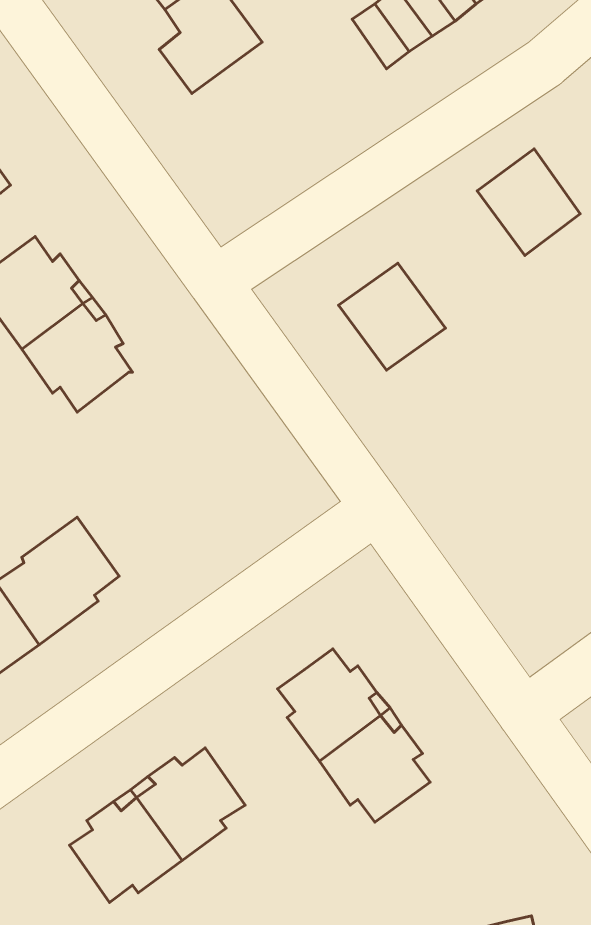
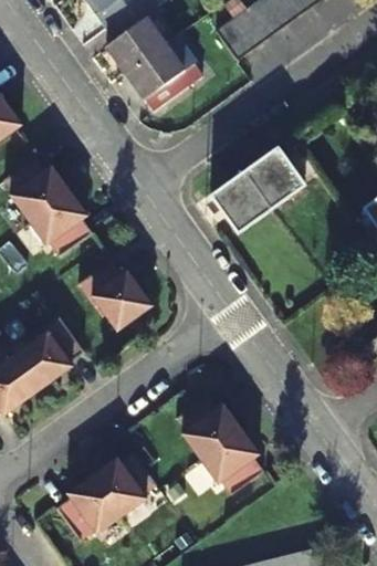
building: none -> [126,32,205,109]
building: [477,149,580,256] -> [245,145,305,207]
building: none -> [81,258,151,328]

